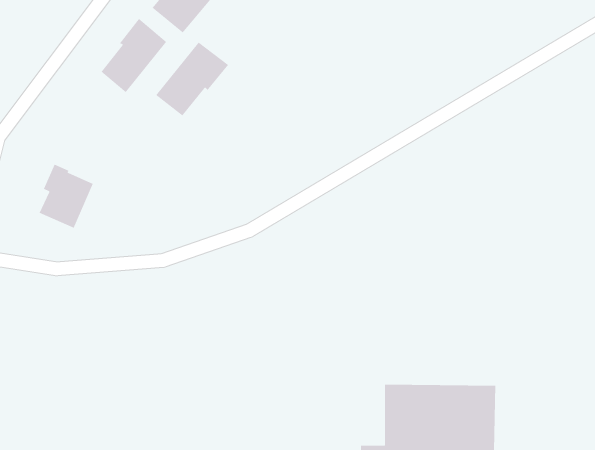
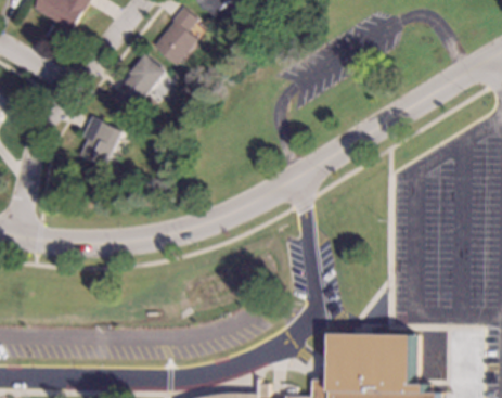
building: [155,42,229,116] -> none
building: [39,164,94,229] -> [79,117,121,167]

